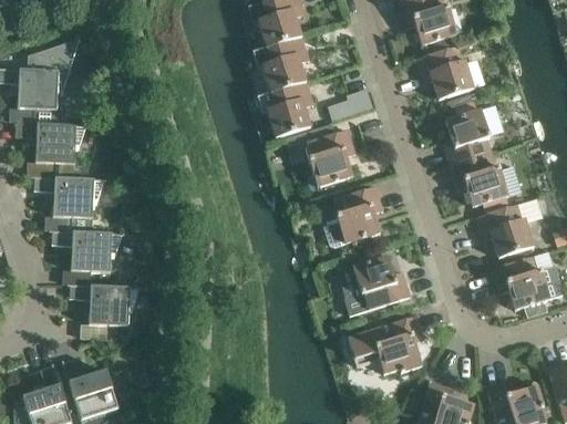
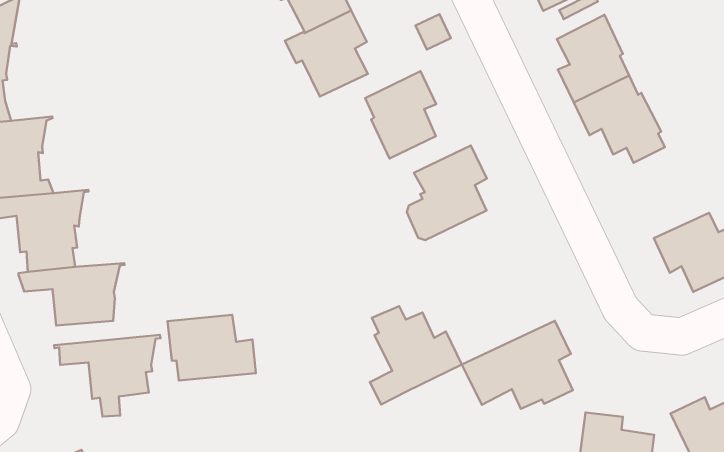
building: [476,204,534,258] -> none
building: [344,249,410,316] -> [370,306,462,405]
building: none -> [167,315,256,380]

